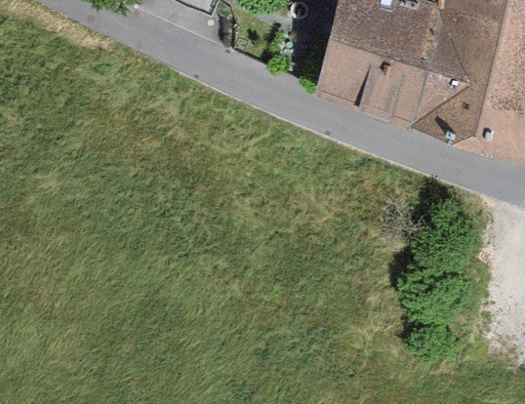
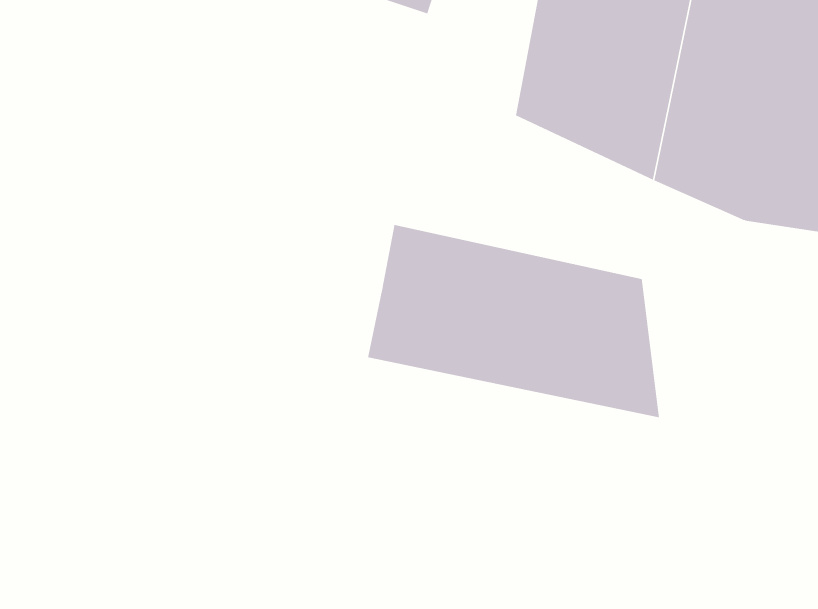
building: none -> [368,224,660,418]

